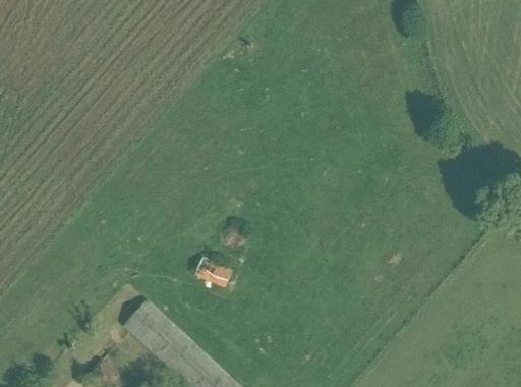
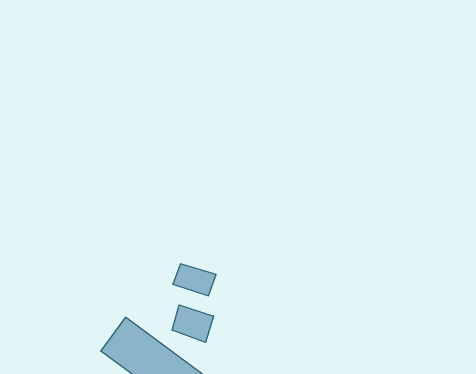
building: none -> [172,305,213,342]

